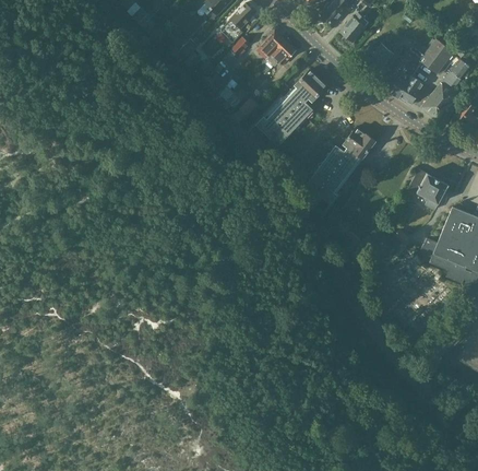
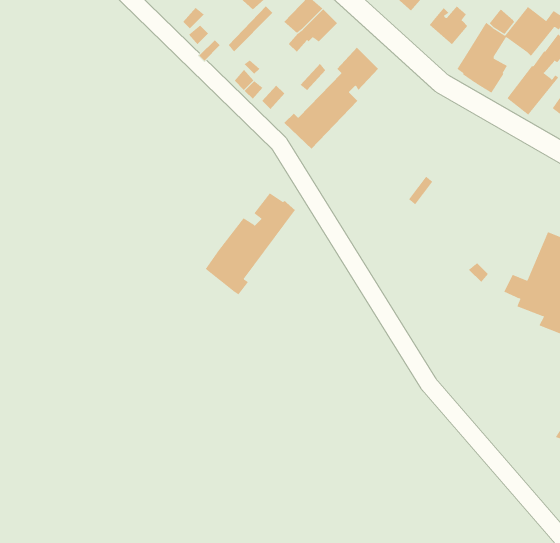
building: [307,128,374,204] -> [205,193,296,295]
building: [408,168,447,210] -> none

